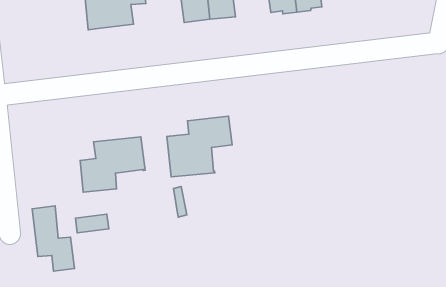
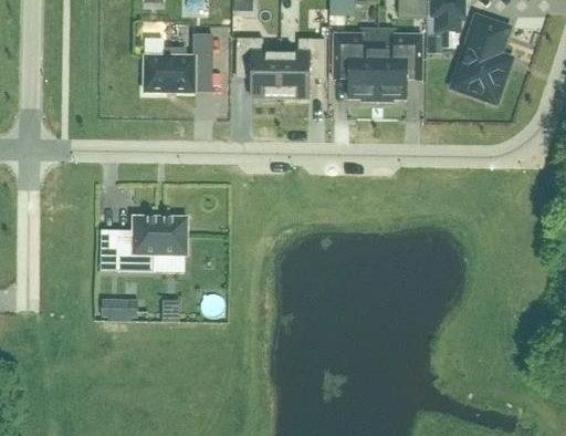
building: [167,116,232,177] -> none
building: [32,206,75,271] -> none

